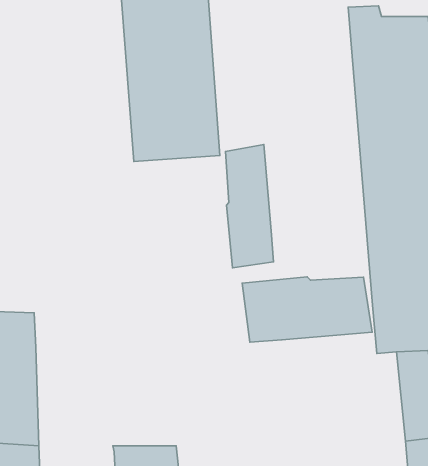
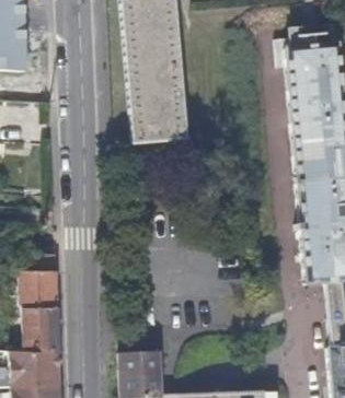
building: [225,144,273,268] -> none
building: [242,277,372,342] -> none

